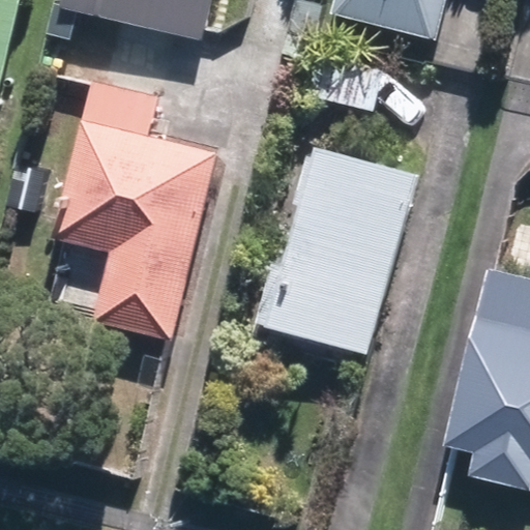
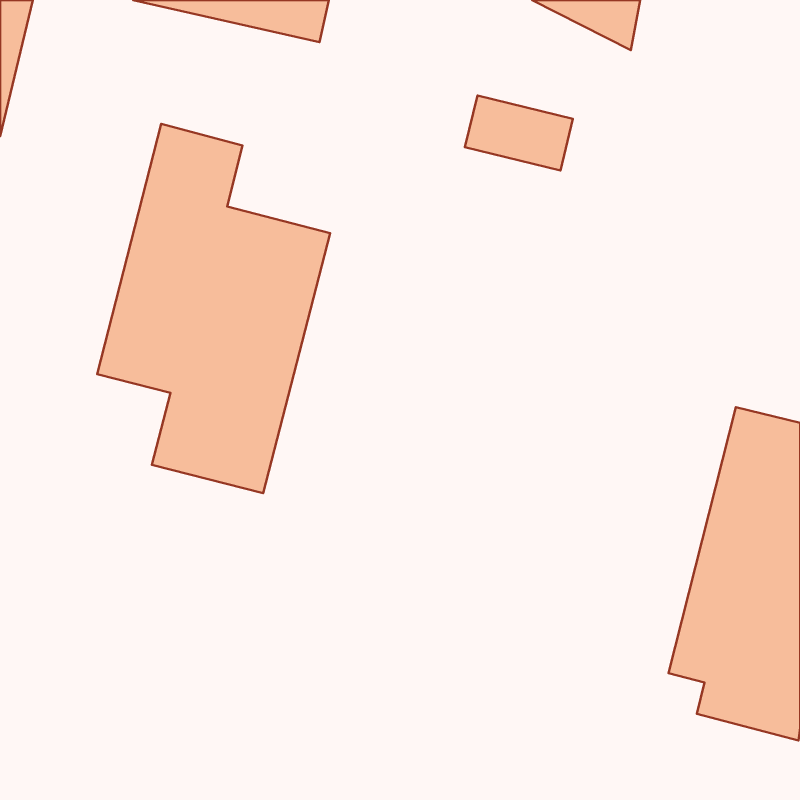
building: [263,153,407,359] -> none

